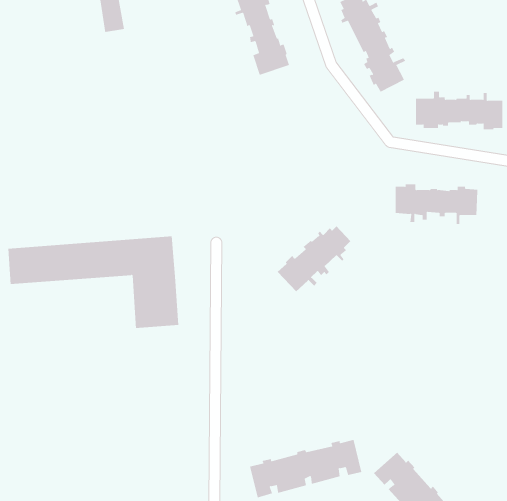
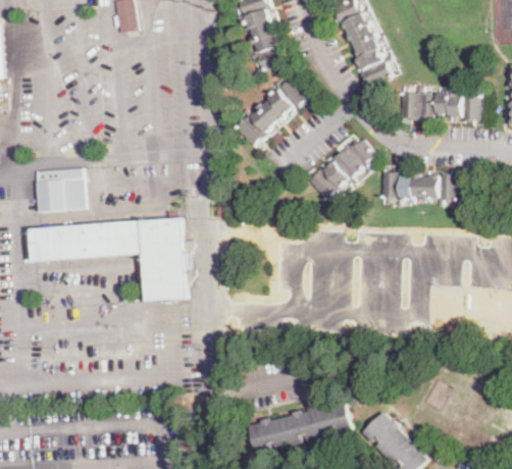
building: none -> [235,77,308,147]
building: none -> [36,168,85,211]
building: [277,225,351,292] -> [307,140,374,200]

